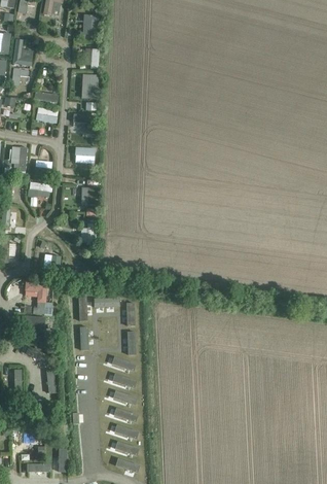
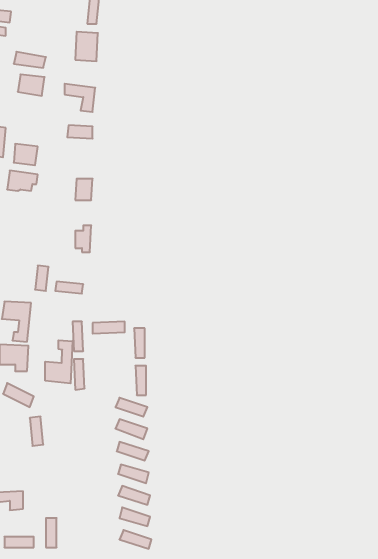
building: none -> [45,340,72,383]

